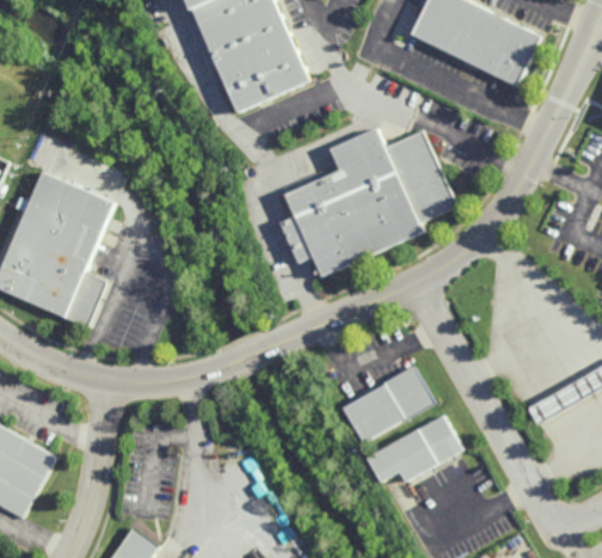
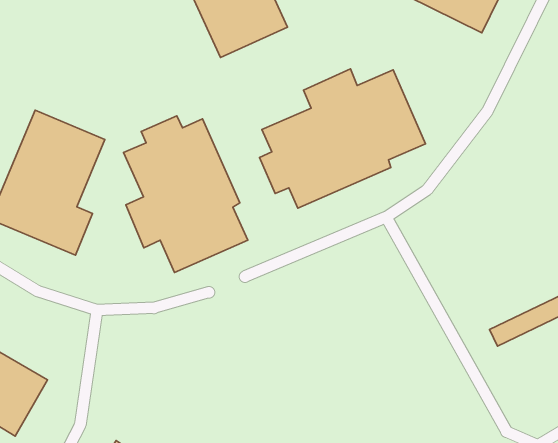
building: none -> [124,116,248,273]
building: [343,367,432,442] -> none
building: [368,412,463,485] -> none

